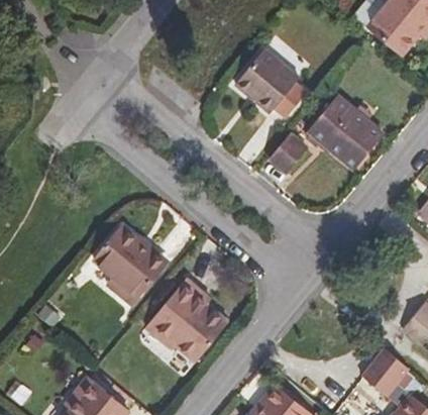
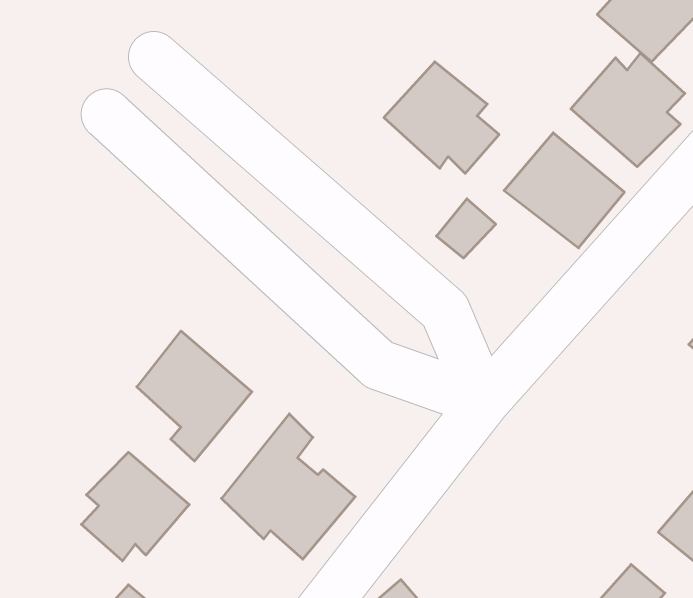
building: none -> [571,53,685,167]
building: none -> [81,452,189,561]

